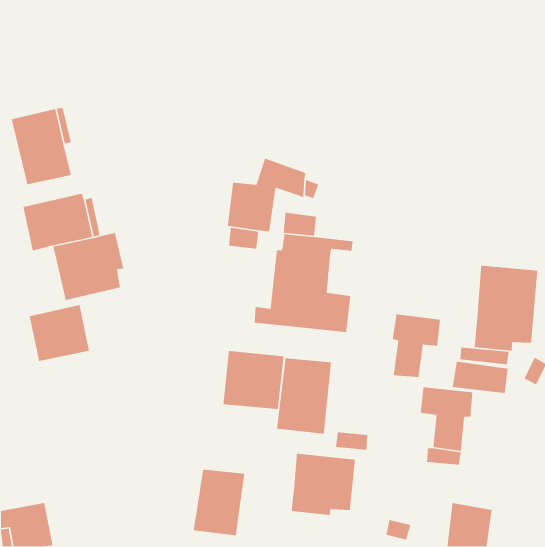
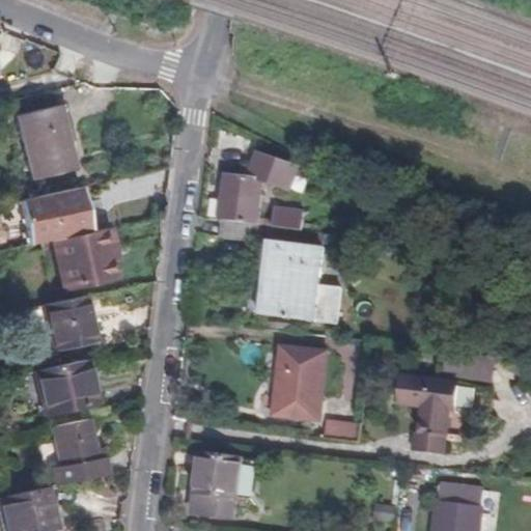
building: [474,265,538,351] -> none
building: [392,314,441,378] -> none
building: [223,350,284,410] -> none
building: none -> [44,357,91,411]
building: none -> [44,418,104,486]
building: [291,453,356,516] -> none

